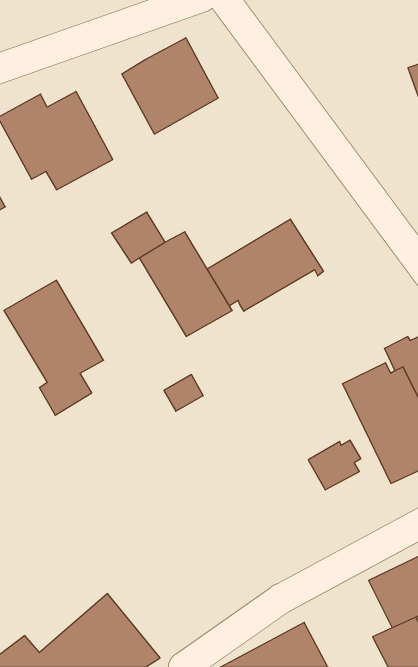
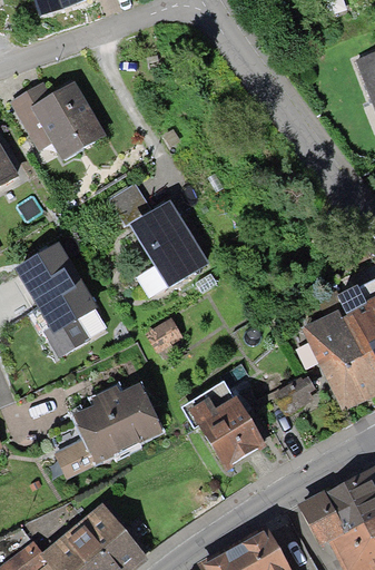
building: [122,38,218,134] -> none
building: [207,219,323,311] -> none
building: none -> [180,376,266,471]
building: none -> [47,385,161,478]
building: none -> [299,493,344,546]

